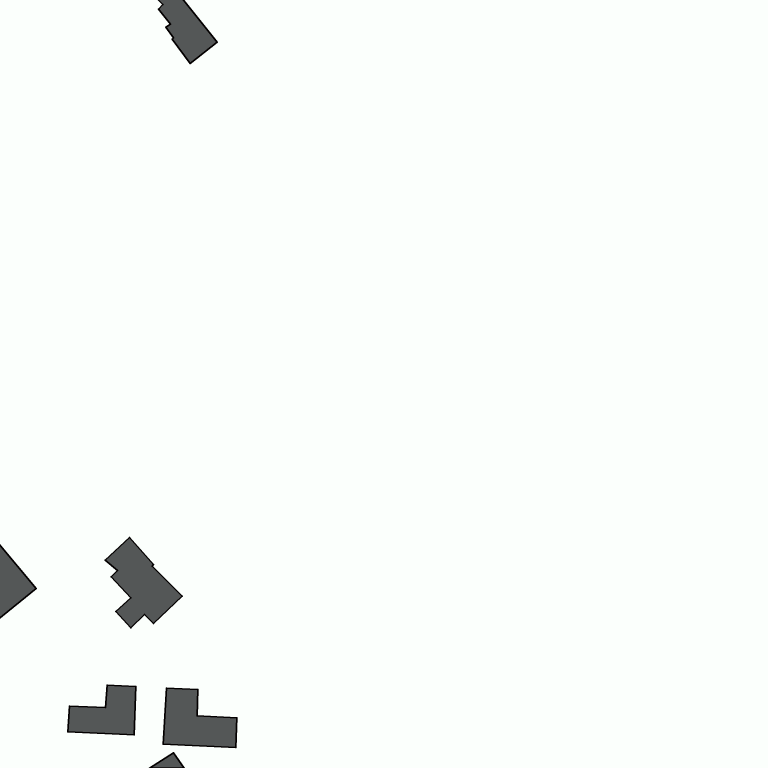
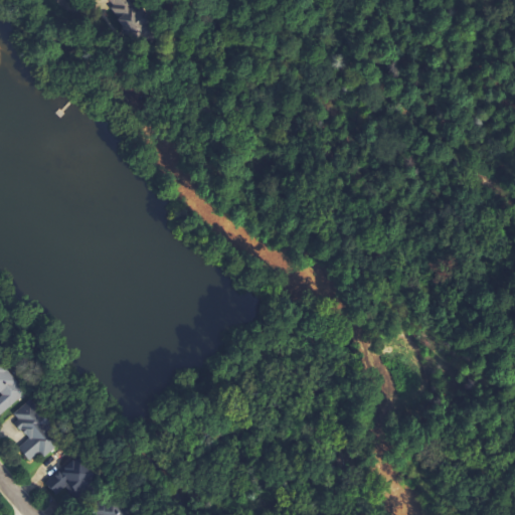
building: [105,537,182,628] -> [11,398,62,459]
building: [163,688,237,747] -> none

